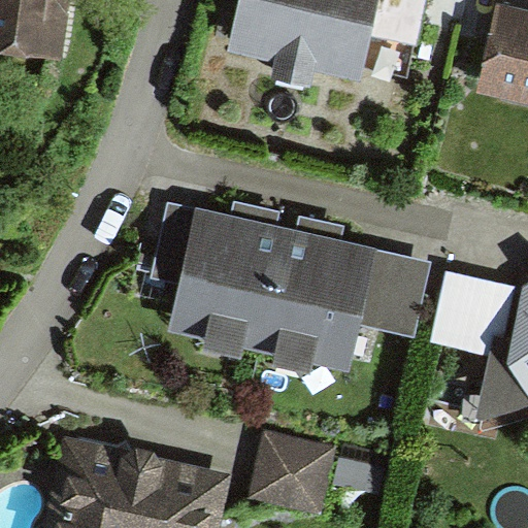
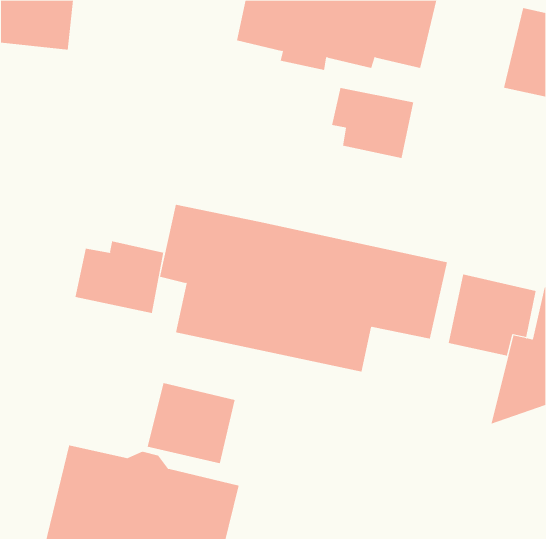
building: none -> [332,87,414,159]
building: none -> [75,241,164,314]
building: [249,432,334,510] -> [147,383,235,464]

